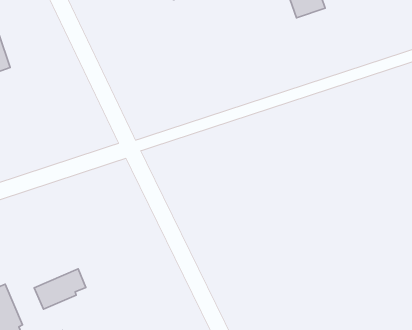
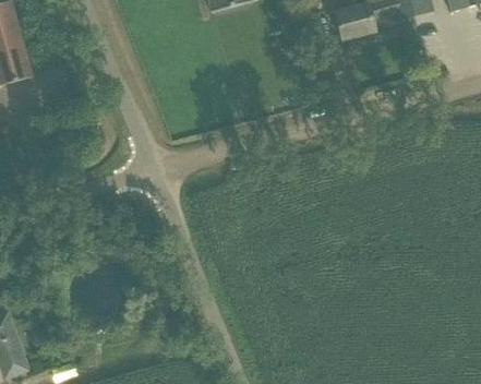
building: [34,269,86,309] -> none

